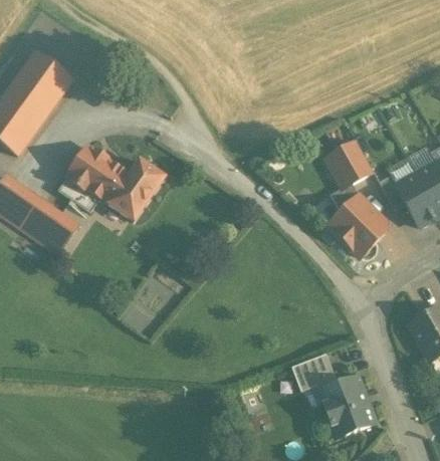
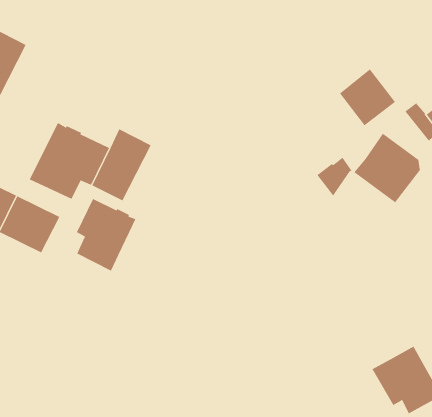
building: [329,182,361,214] -> [317,157,354,197]
building: none -> [76,198,136,271]
building: [293,353,339,391] -> none

